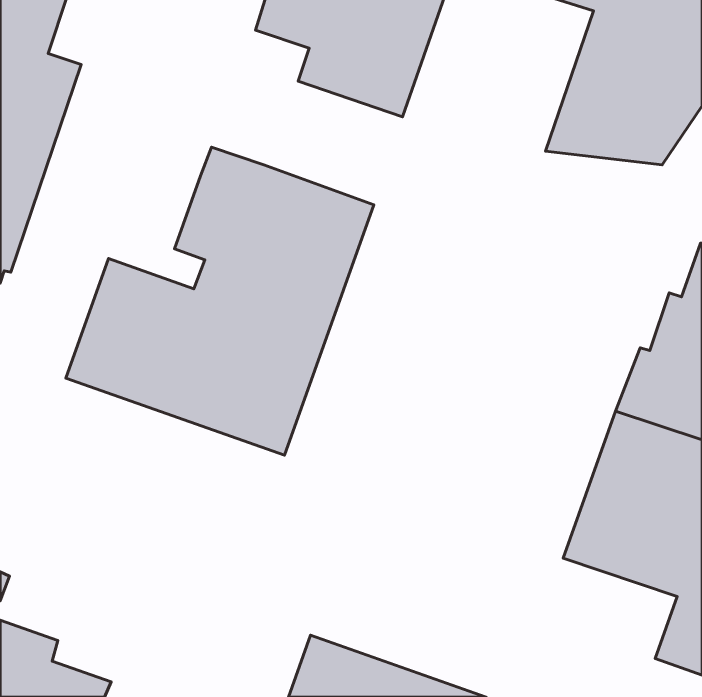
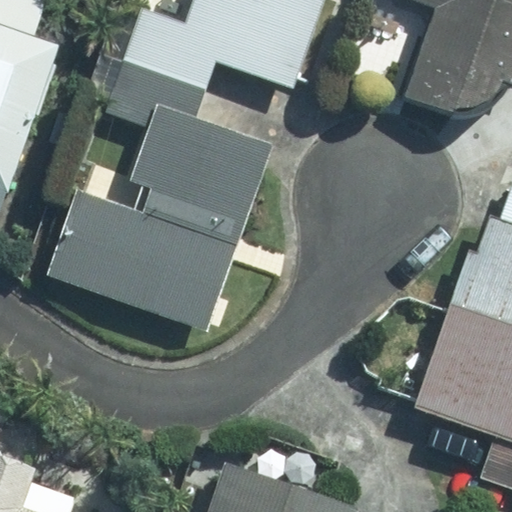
building: none -> [104,6,225,128]

